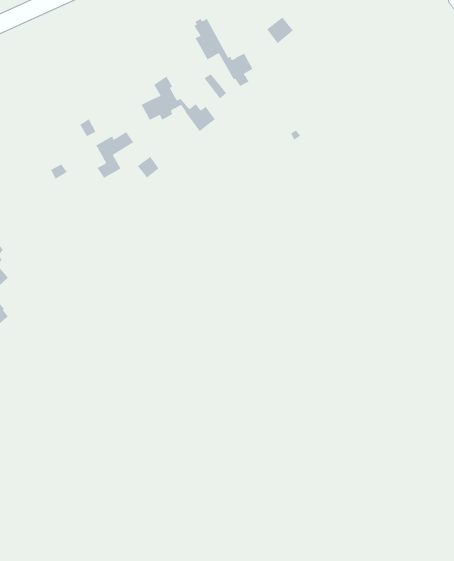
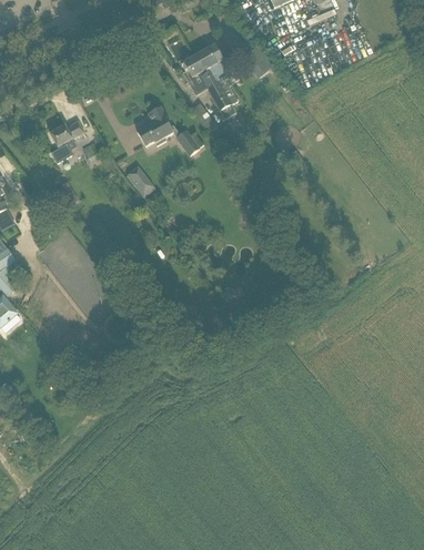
building: none -> [195,43,230,90]
building: [95,131,134,179] -> [49,120,83,162]

